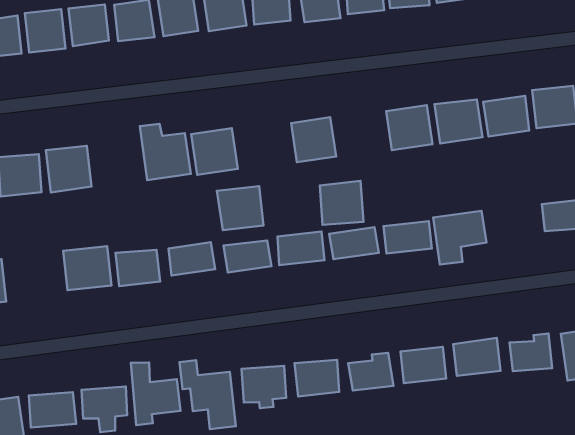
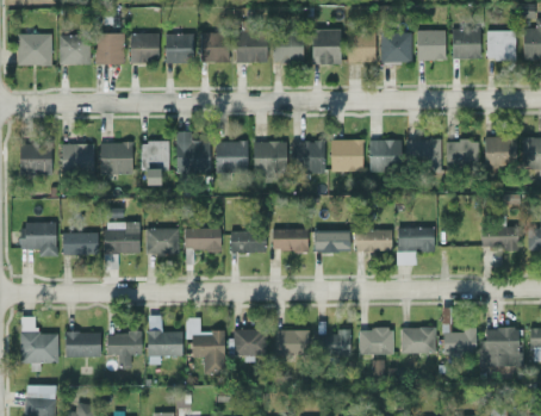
building: none -> [141,142,169,185]
building: [320,181,364,225] -> [330,139,363,172]
building: [217,186,264,230] -> [253,142,286,173]
building: none -> [62,232,98,255]

